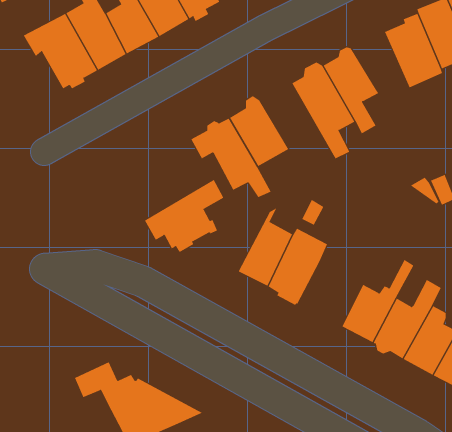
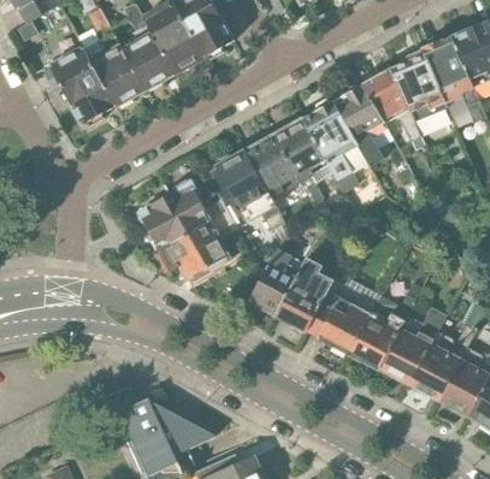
building: none -> [361,69,426,148]
building: none -> [273,114,336,205]
building: none -> [140,181,229,250]
building: none -> [309,290,372,353]

